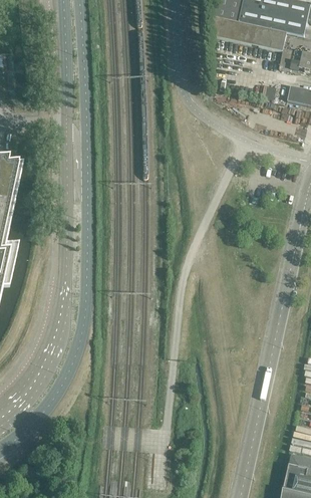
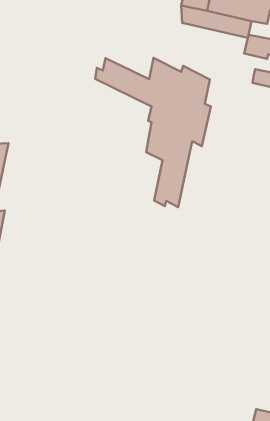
building: none -> [95,58,211,207]

